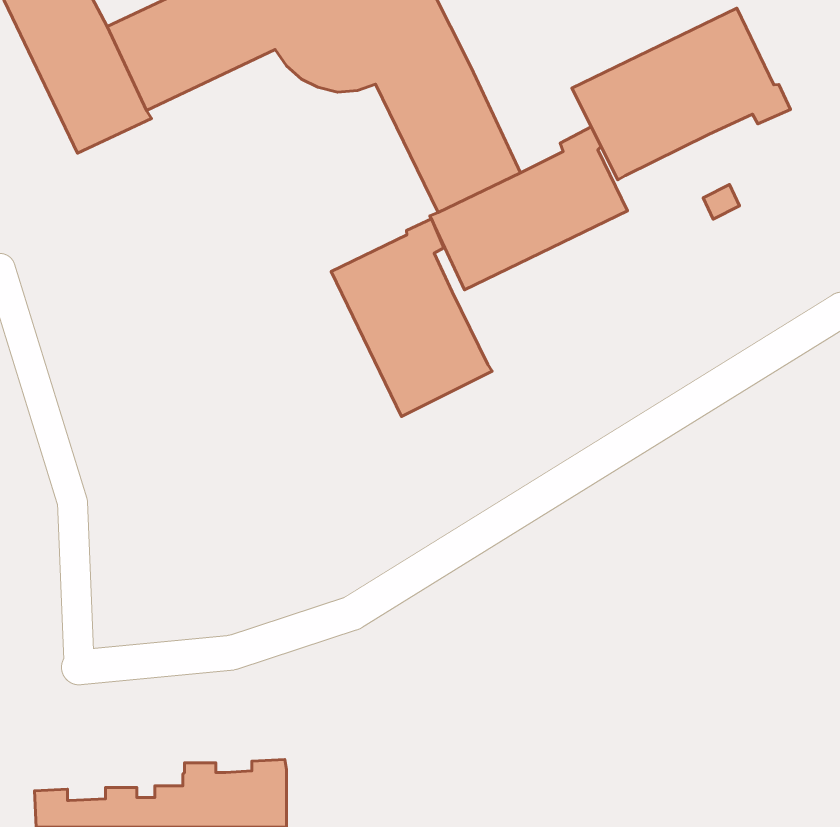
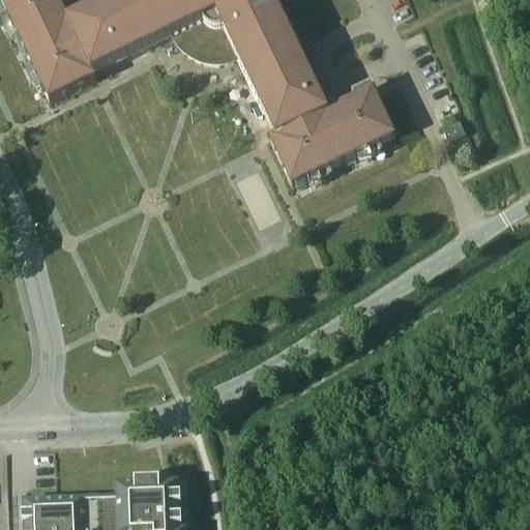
building: [572,8,791,180] -> none
building: [331,219,492,416] -> none

